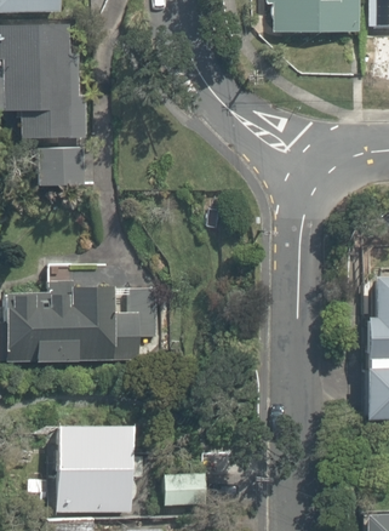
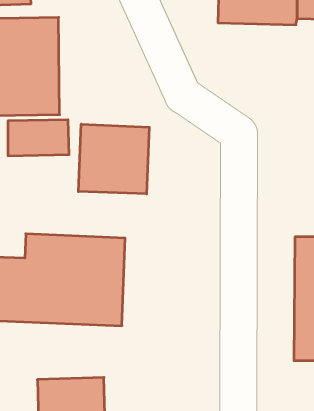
building: none -> [78,124,149,194]

